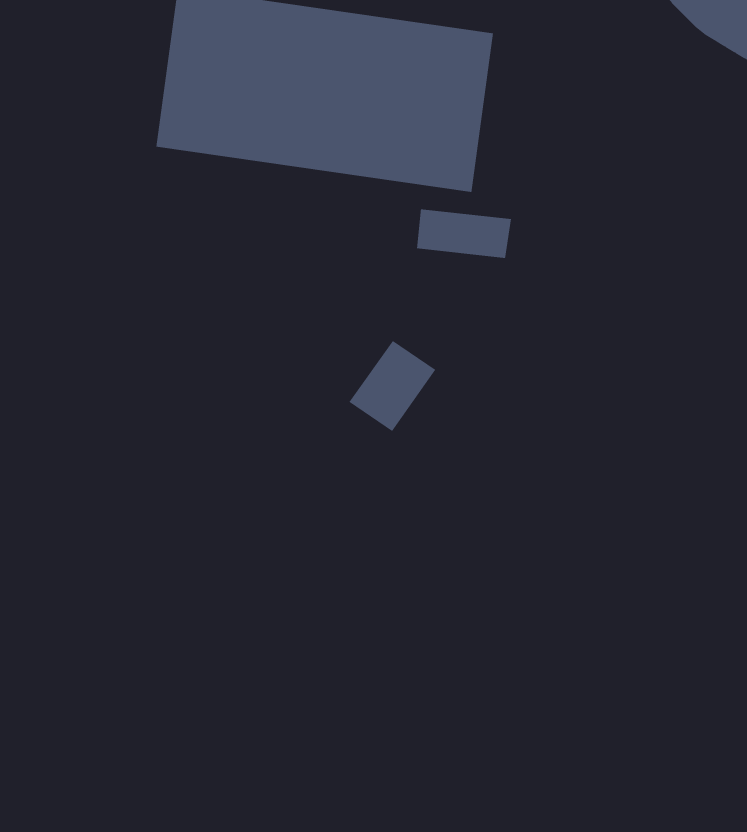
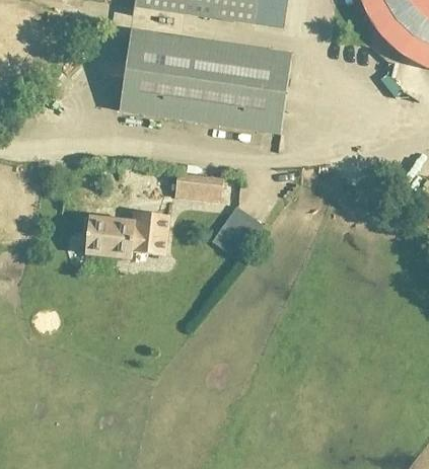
building: [416,209,512,259] -> [174,175,223,201]
building: none -> [84,212,167,257]

